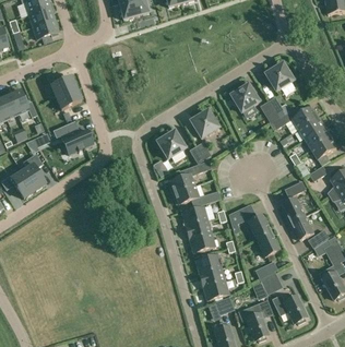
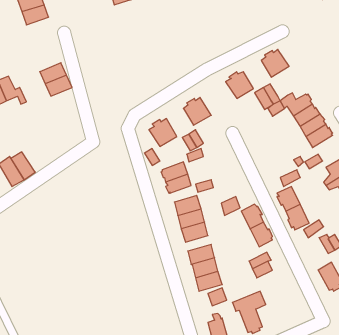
building: [52,121,93,154] -> none
building: [272,295,307,324] -> none

